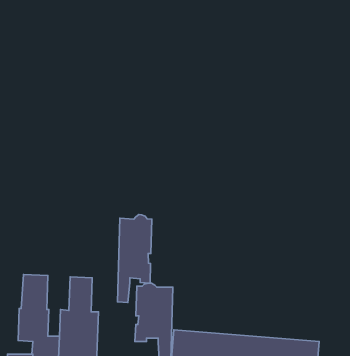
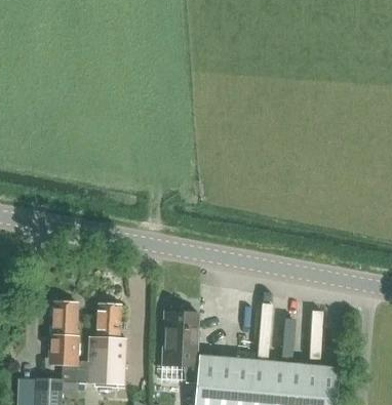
building: [117,215,152,302] -> none

